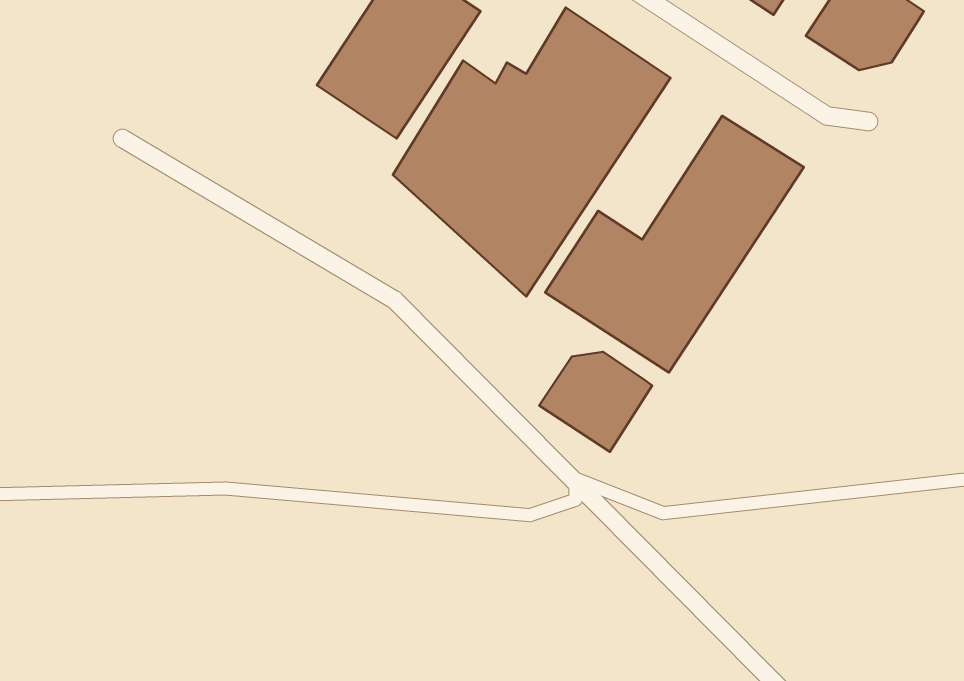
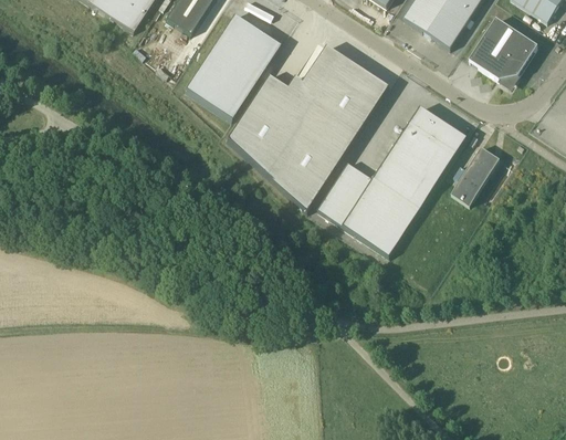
building: none -> [451,146,500,203]
building: [539,352,652,452] -> none

